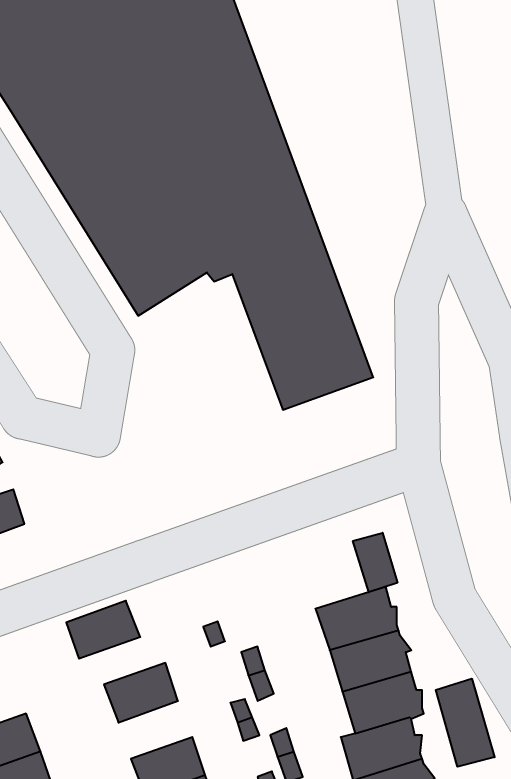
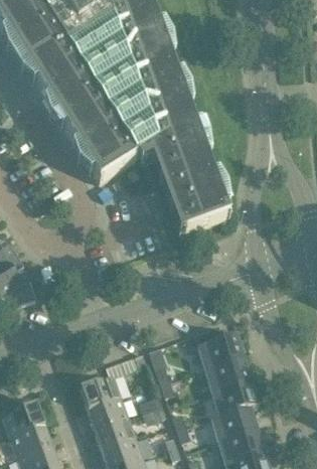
building: [353,533,397,592] -> none
building: [66,601,140,659] -> [87,394,128,426]
building: [436,679,495,767] -> none

